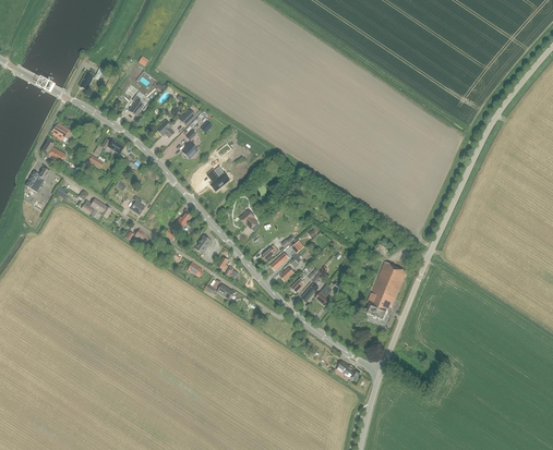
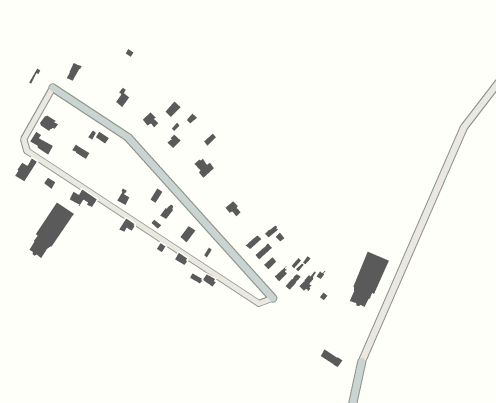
building: none -> [28,201,75,259]

